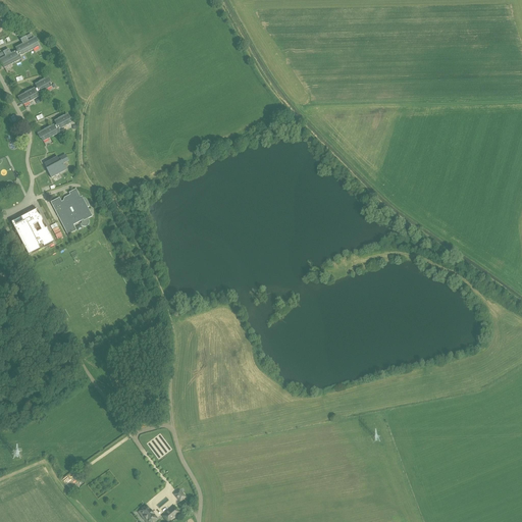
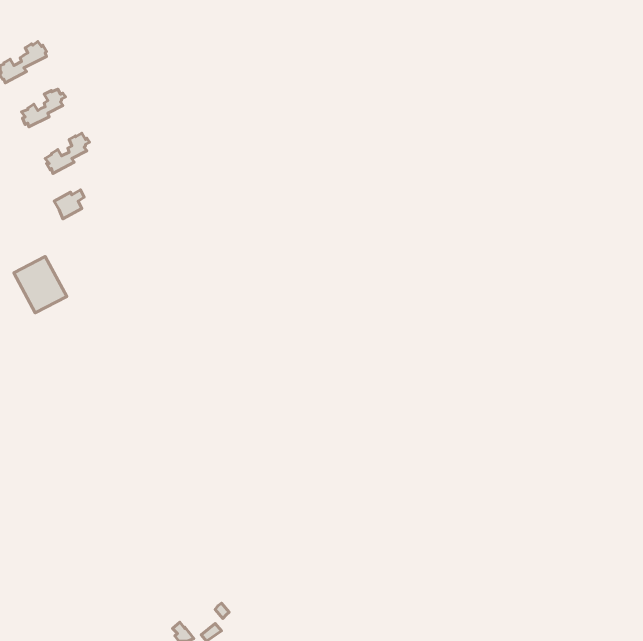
building: [51,188,92,233] -> none

